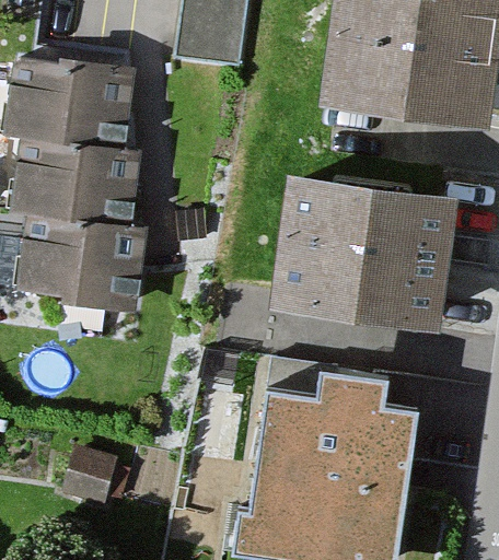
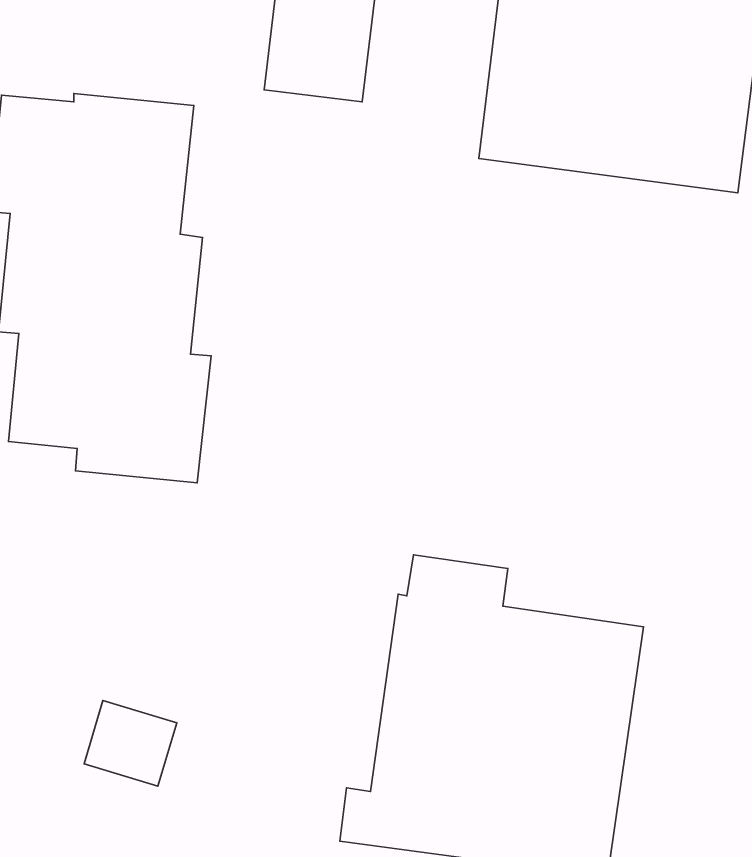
building: [271,179,449,324] -> none

